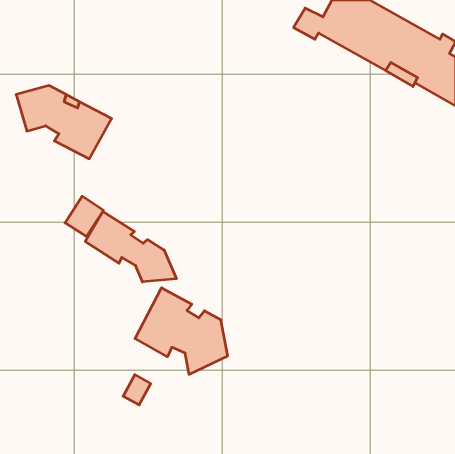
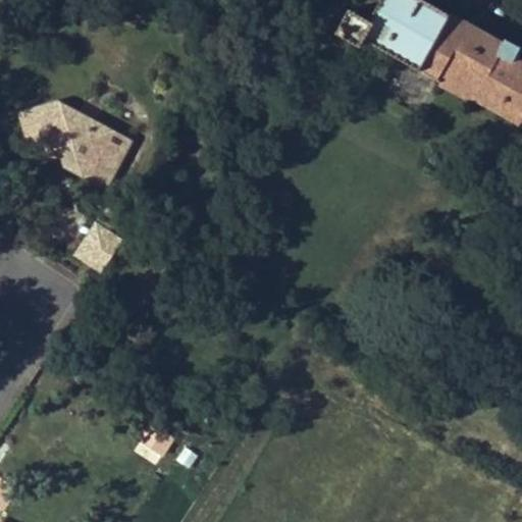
building: [85,211,176,282] -> none
building: [135,288,227,374] -> none

